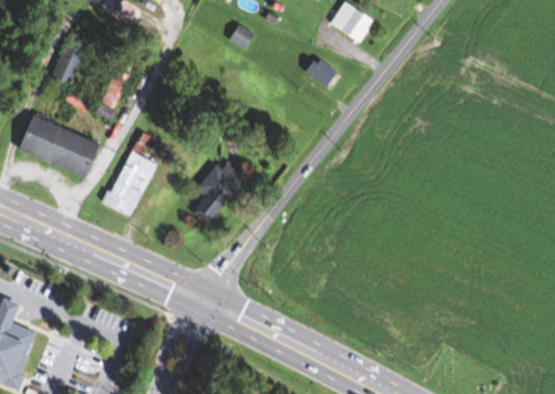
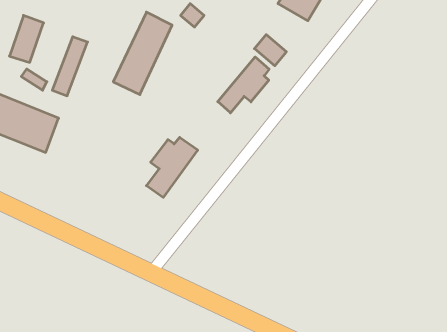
building: none -> [218,57,269,113]
building: [104,131,165,216] -> [113,12,172,95]

